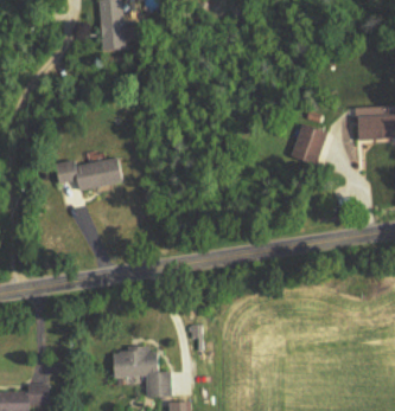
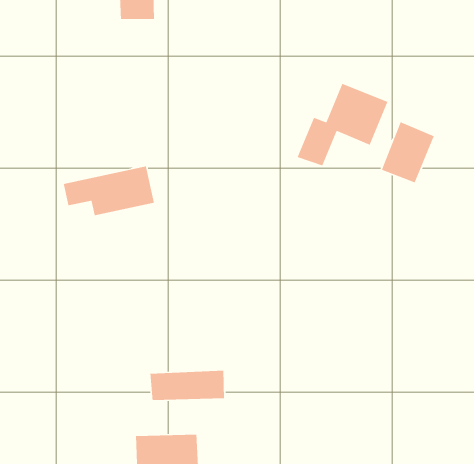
building: none -> [297,83,388,167]
building: none -> [149,370,225,401]

